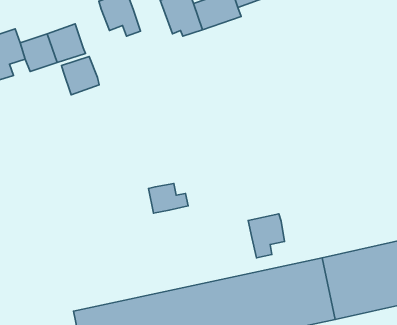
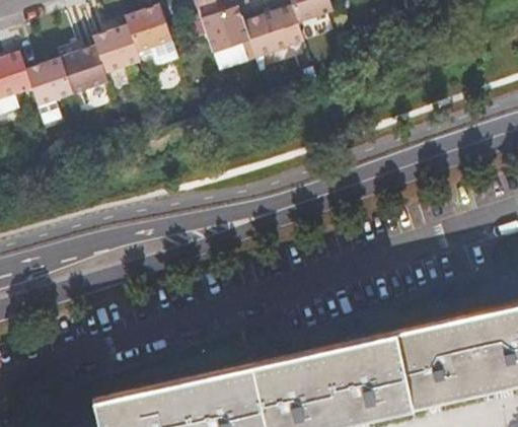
building: [61,56,99,95] -> [94,25,141,73]
building: [148,183,188,213] -> none
building: [248,214,285,258] -> none

